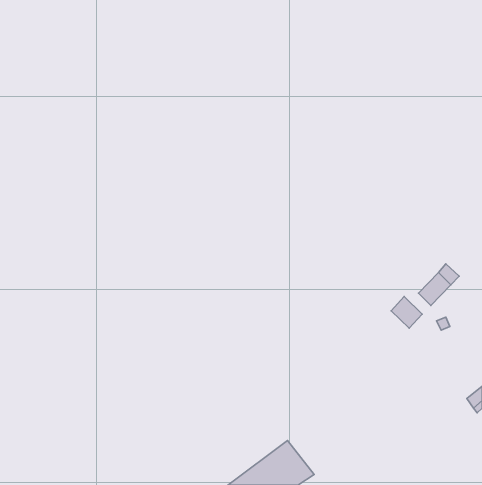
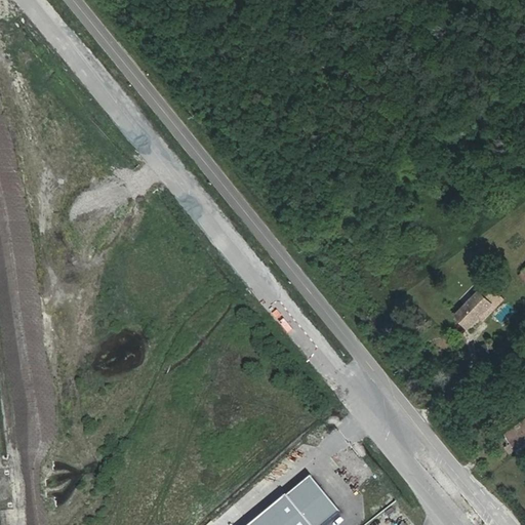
building: [391,297,422,328] -> none

